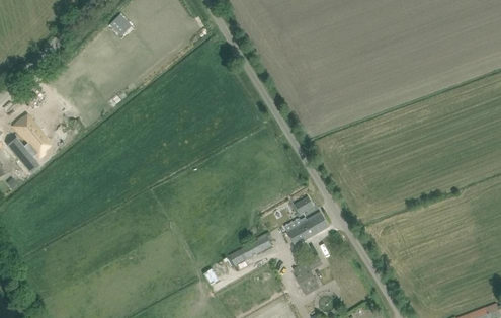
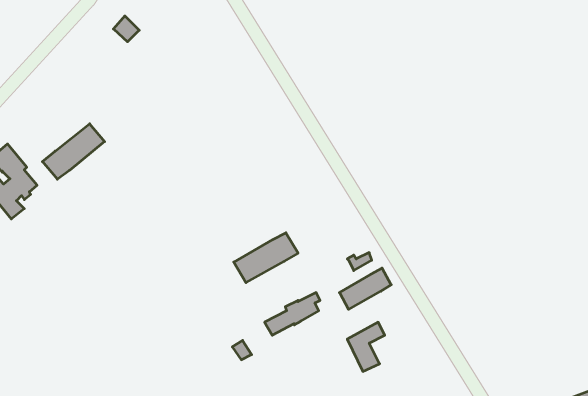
building: none -> [42,124,105,179]
building: none -> [234,233,298,283]

